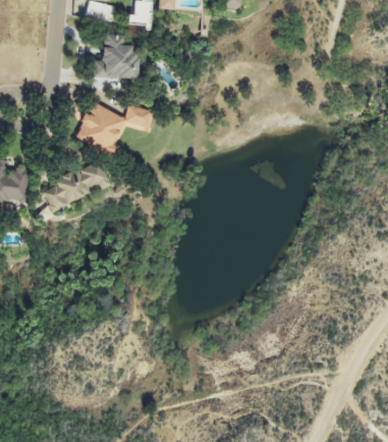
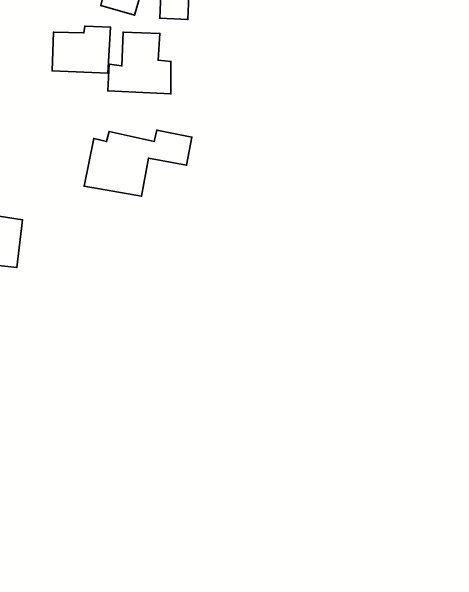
building: none -> [52,26,111,73]
building: [38,161,111,213] -> none

